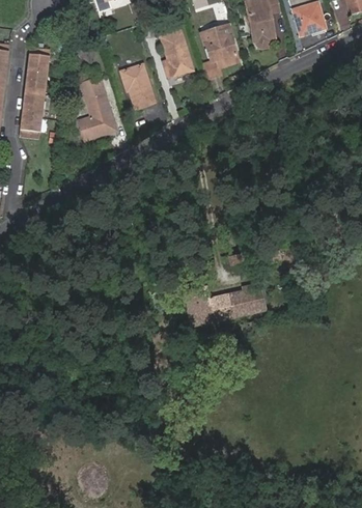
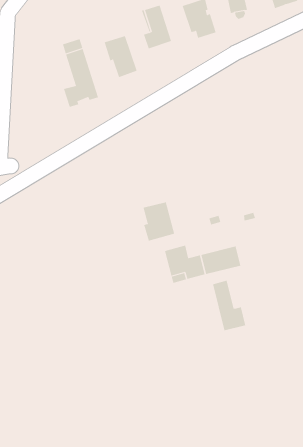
building: [20,48,51,140] -> none
building: none -> [143,201,175,242]
building: none -> [212,280,246,331]

